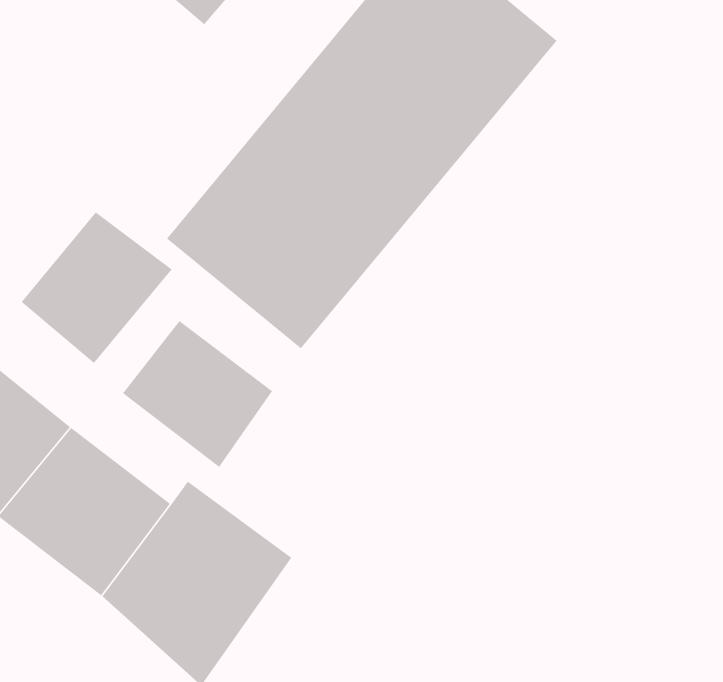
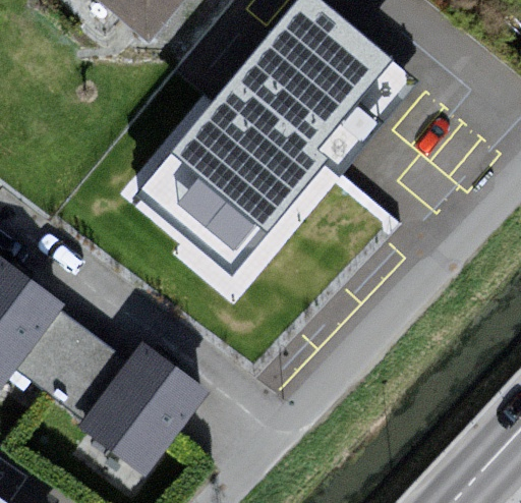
building: [21,211,172,364] -> none
building: [122,320,273,468] -> none

